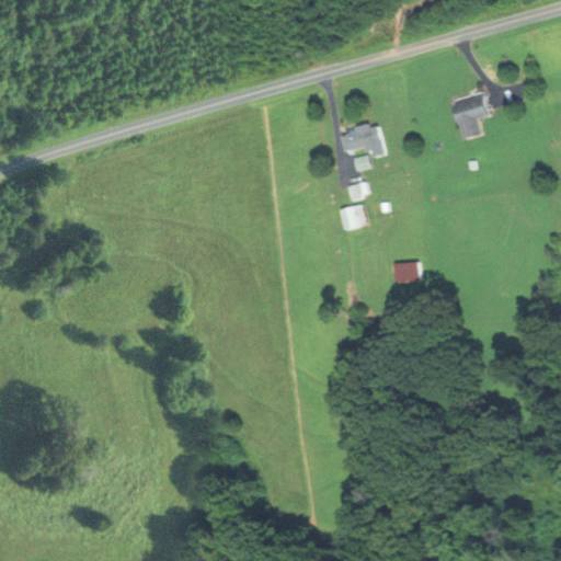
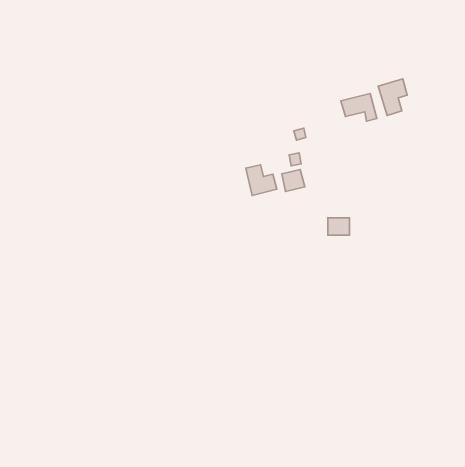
building: [340,124,382,157] -> [341,94,377,121]
building: none -> [246,165,277,195]

